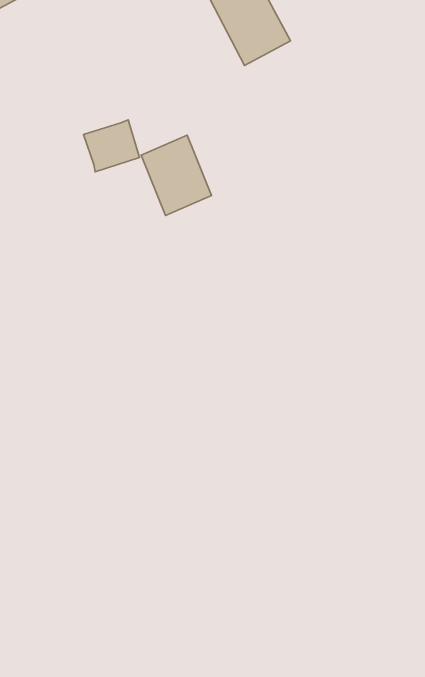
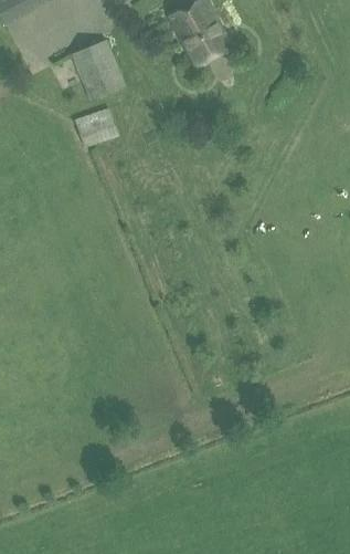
building: [141,135,212,216] -> [71,38,125,100]

